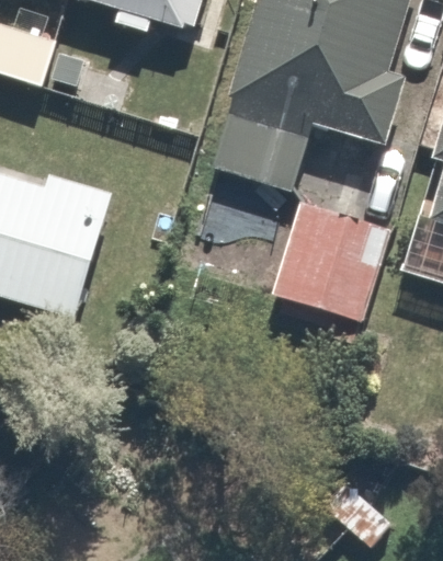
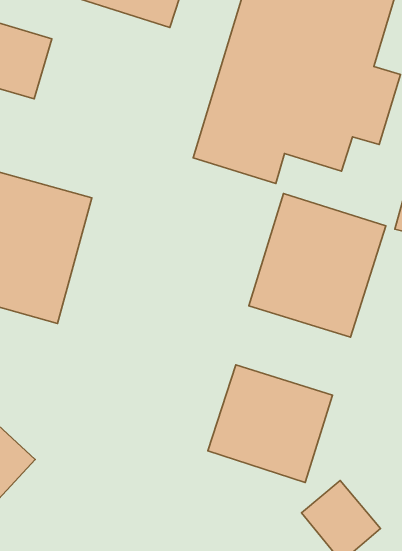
building: none -> [208,365,333,482]

